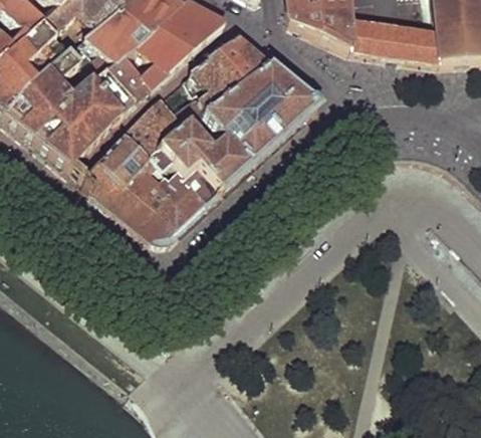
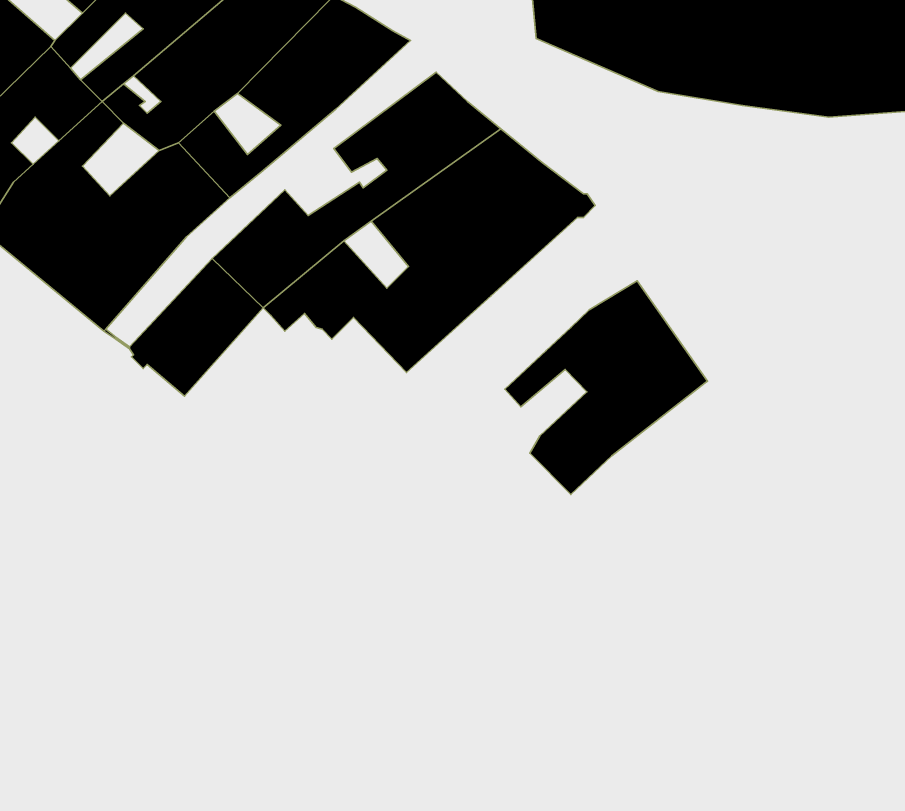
building: none -> [505,281,707,495]
building: [105,158,219,241] -> none

